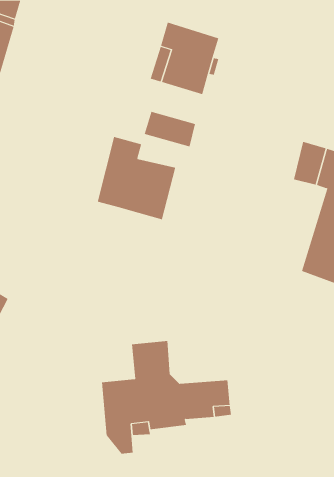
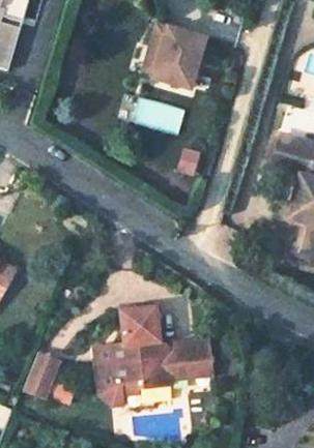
building: [97,136,176,220] -> none
building: none -> [27,354,61,398]

